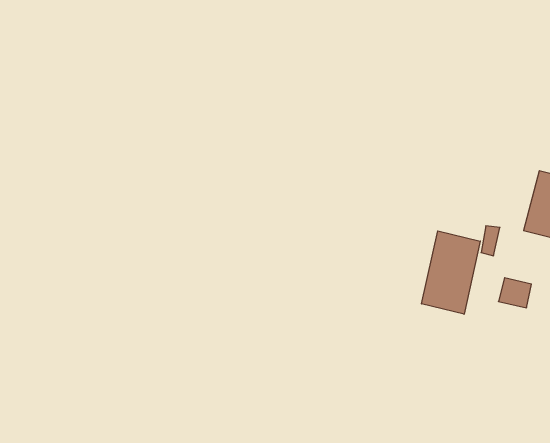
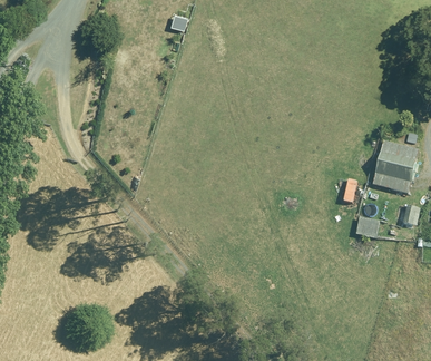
building: [422,231,480,314] -> none

